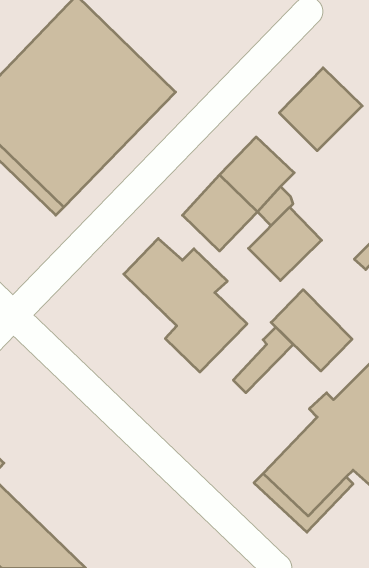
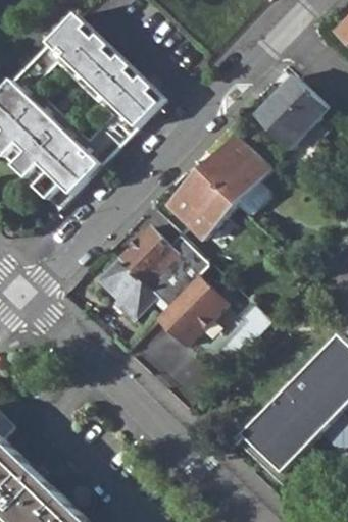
building: [248,207,322,281] -> none
building: none -> [99,259,156,319]
building: [271,290,352,371] -> none

